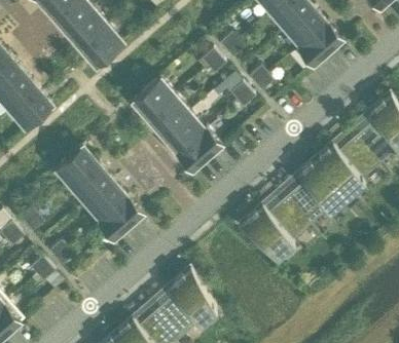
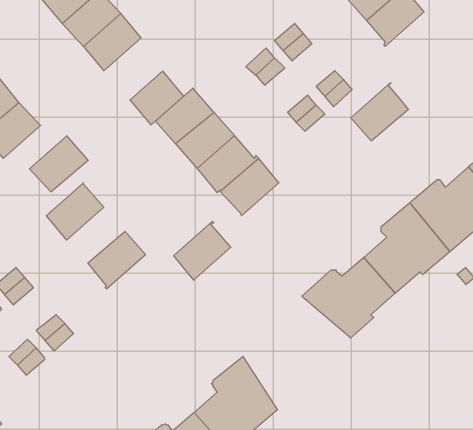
building: [296,22,337,63] -> [351,83,408,141]
building: none -> [130,71,183,125]
building: [68,161,110,201] -> [29,136,88,192]
building: [97,195,138,237] -> [174,221,231,280]

